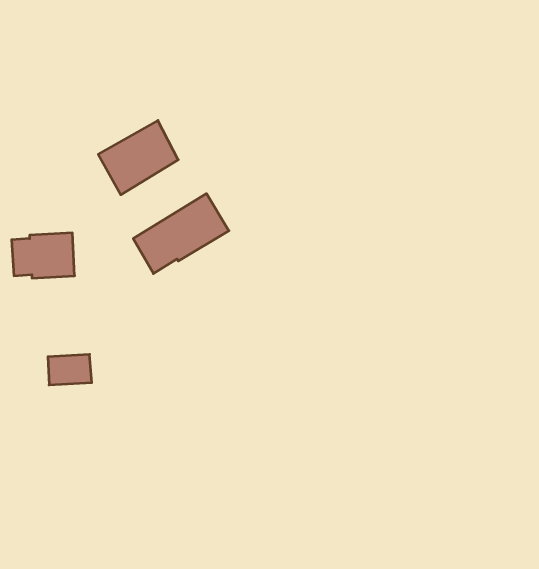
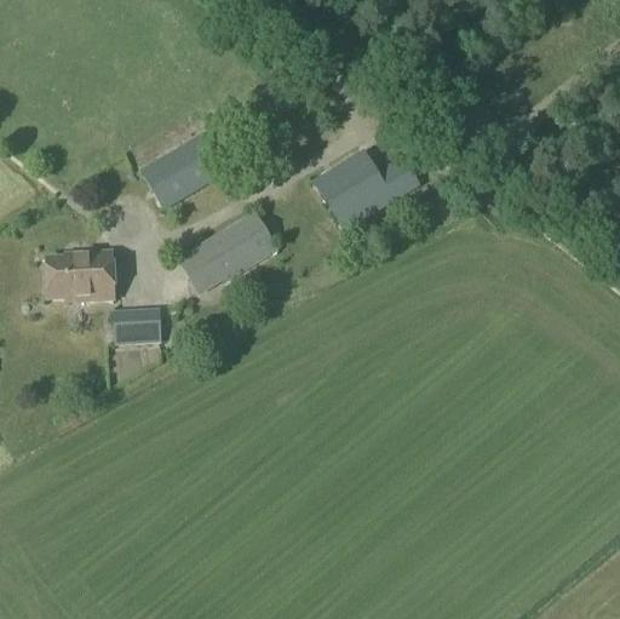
building: none -> [306,144,420,231]
building: [48,354,92,385] -> [114,309,161,342]

